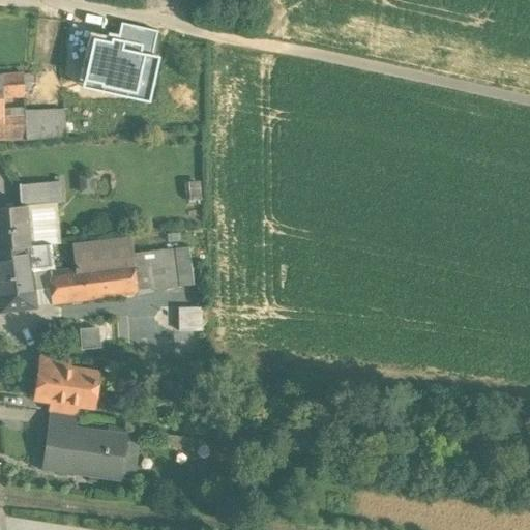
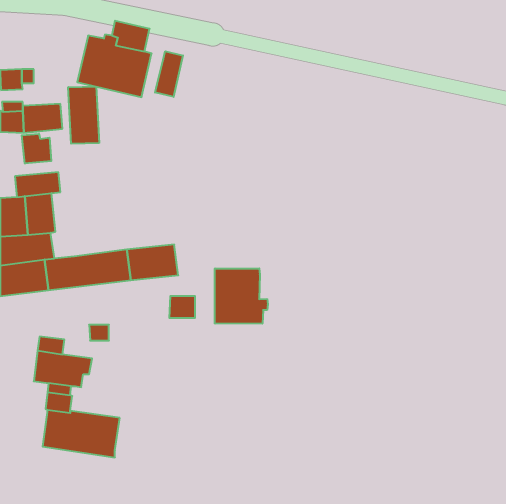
building: none -> [155,51,183,97]
building: none -> [68,87,99,144]
building: none -> [22,134,51,164]
building: [75,235,132,268] -> none
building: none -> [215,268,268,324]

